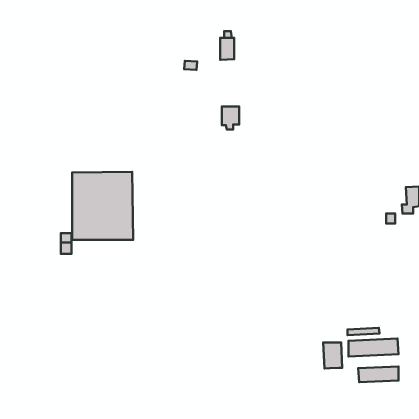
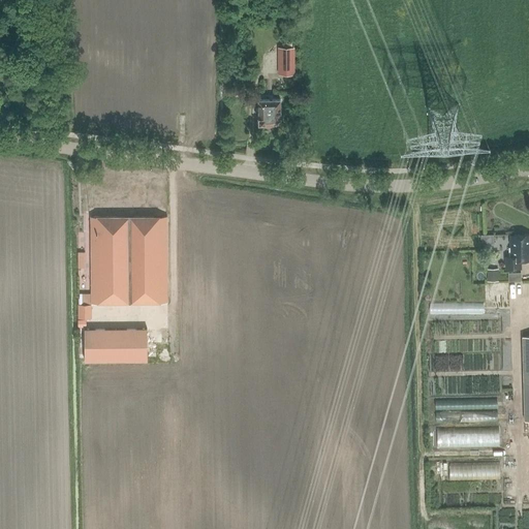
building: [222,106,239,129] -> [258,101,280,130]
building: none -> [83,330,146,363]
building: [323,342,342,369] -> none

